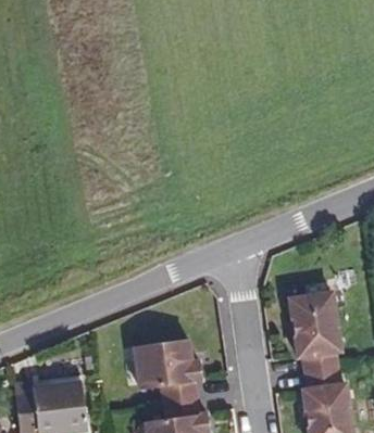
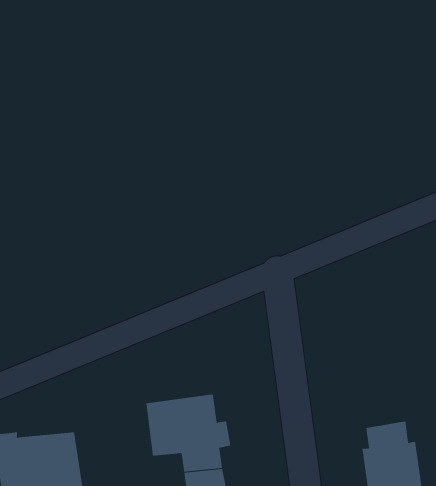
building: [291,288,344,369] -> none

